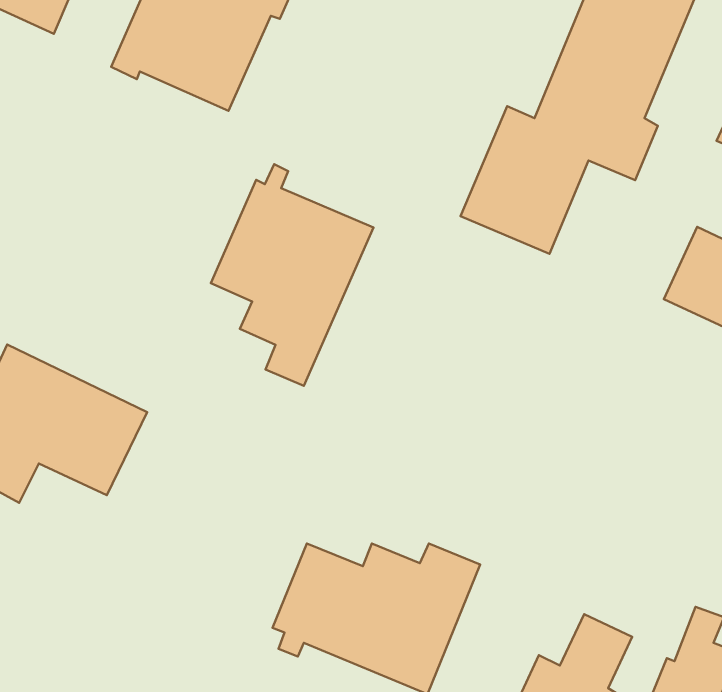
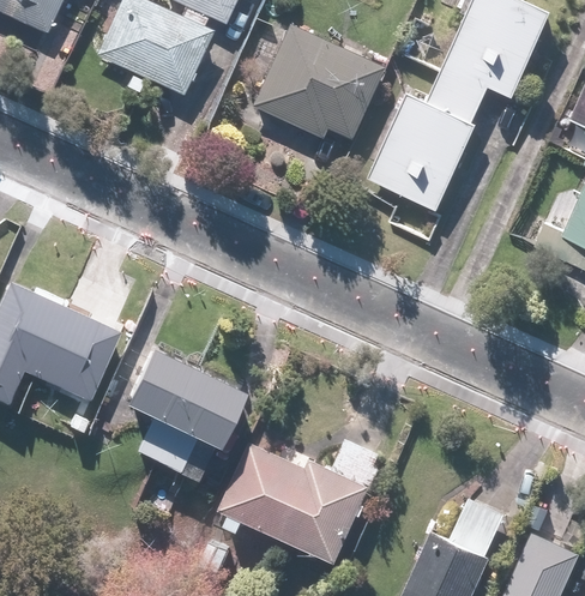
building: none -> [249,24,381,139]
building: [211,164,373,386] -> none
building: none -> [114,345,247,477]

